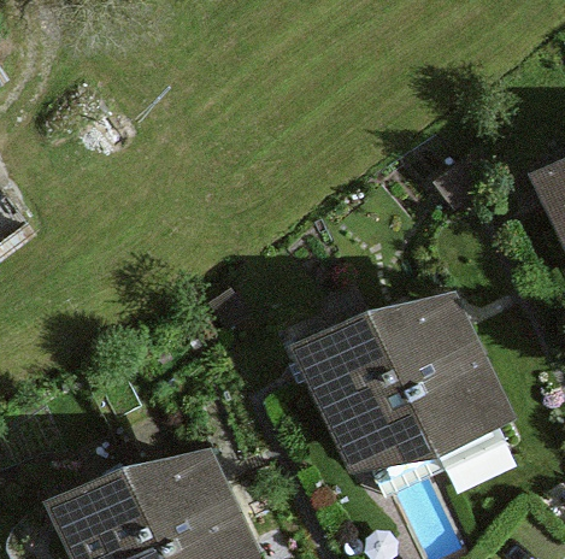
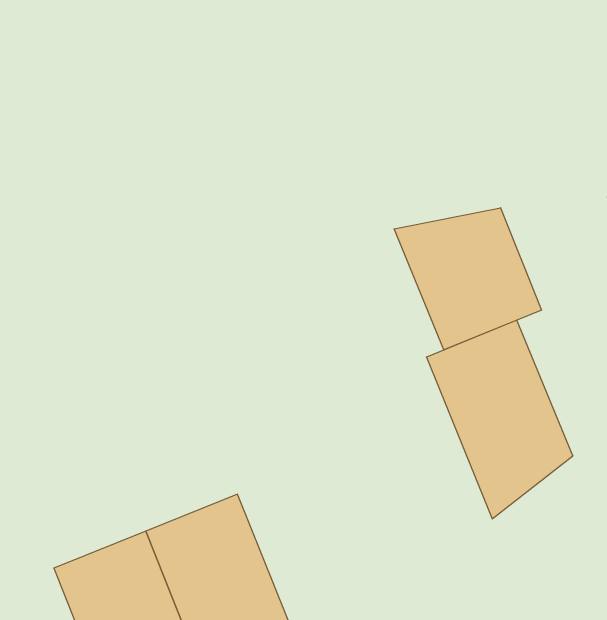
building: none -> [394,208,542,350]
building: [296,320,435,472] -> none

